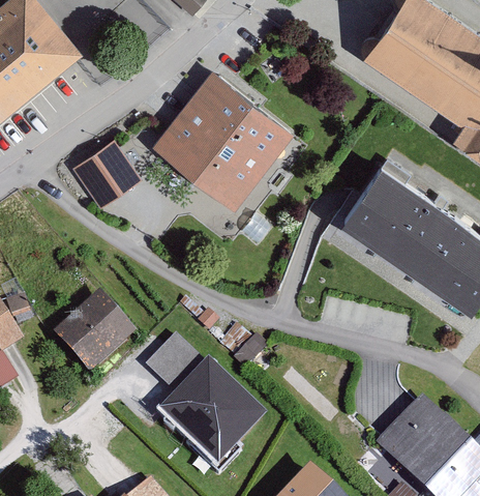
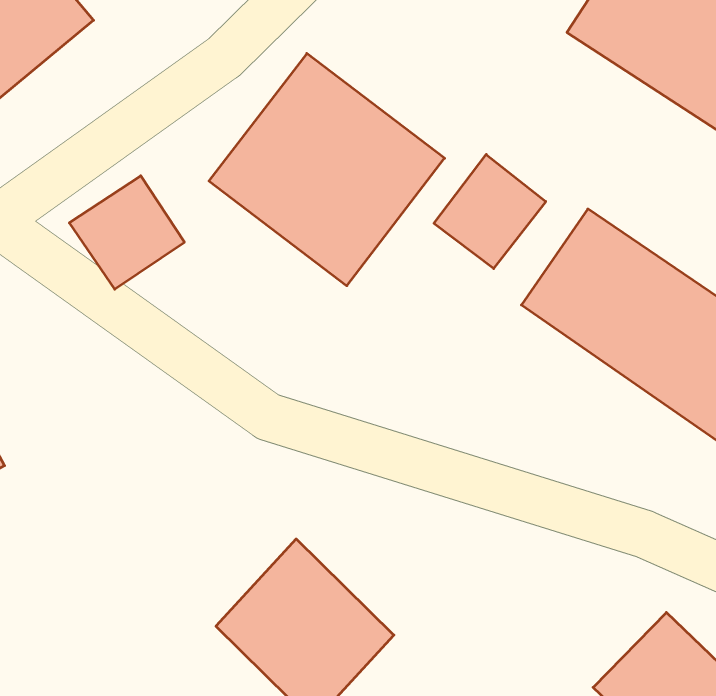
building: none -> [434,154,546,269]
building: [57,297,131,372] -> none
building: [144,335,191,384] -> none

